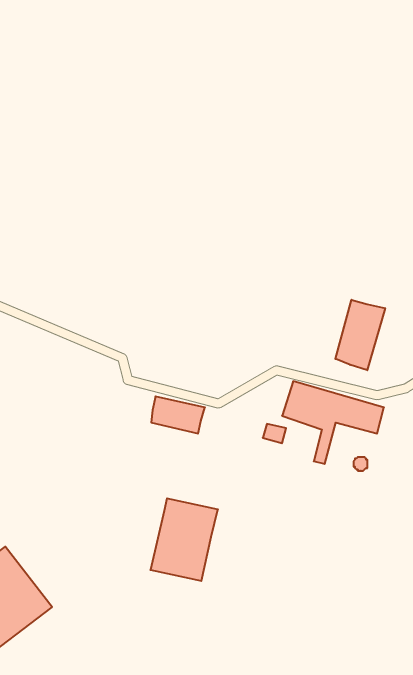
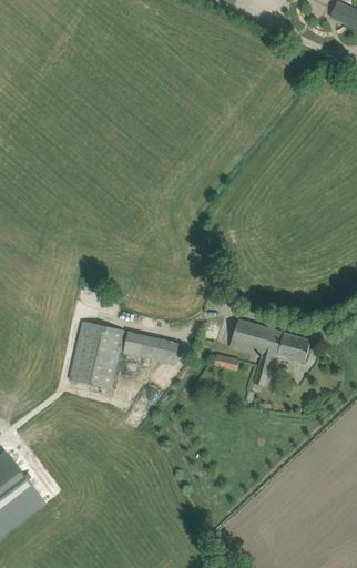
building: [335,300,385,370] -> none
building: [150,498,218,581] -> [70,322,124,388]

